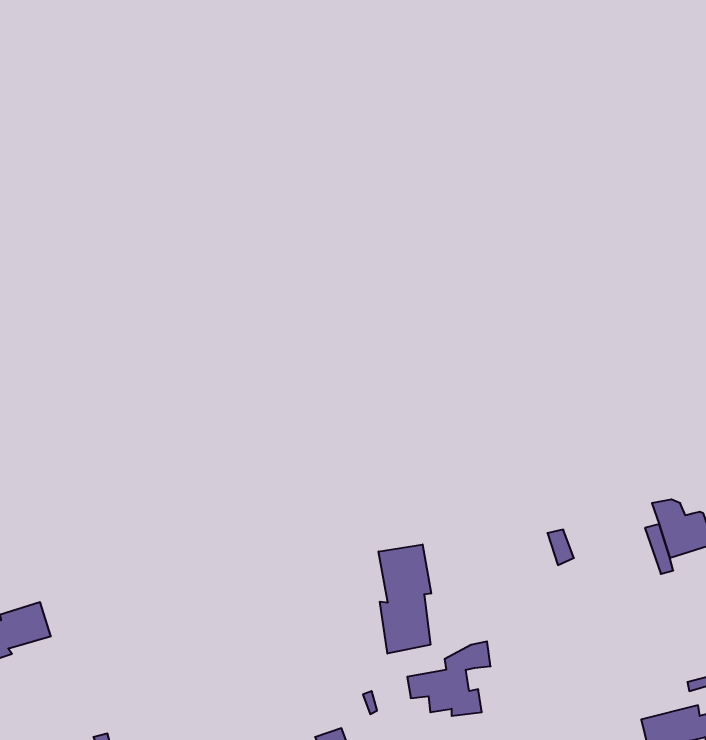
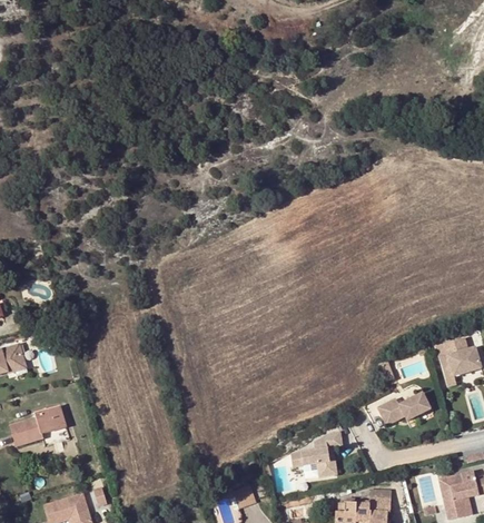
building: [379,544,431,654] -> none
building: none -> [377,391,431,424]

